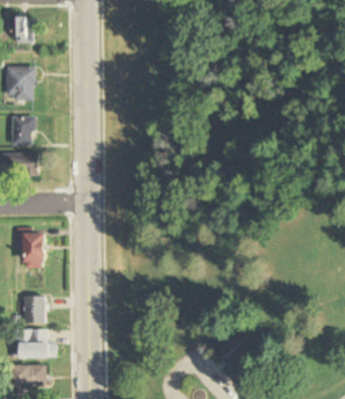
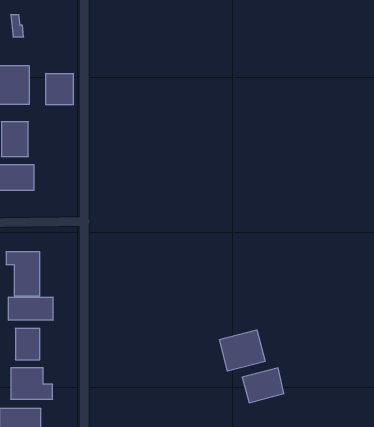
building: none -> [46,73,73,105]
building: none -> [9,297,53,320]
building: none -> [219,330,265,371]

